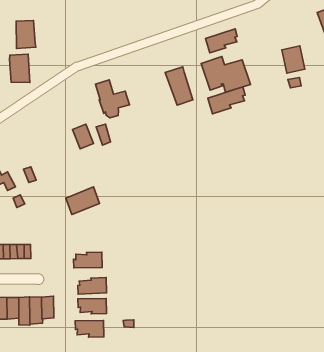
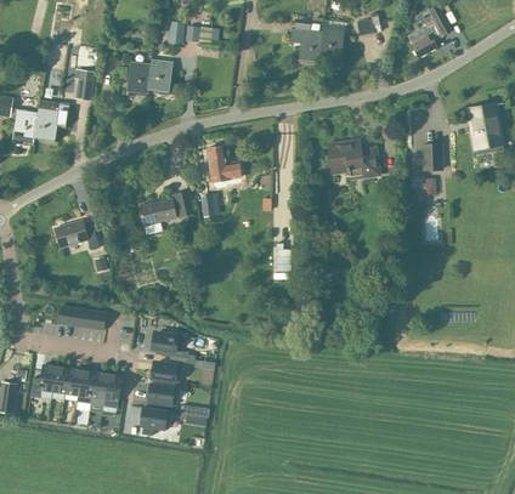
building: [205,29,237,53] -> none
building: [10,54,30,82] -> [147,59,171,93]
building: [165,67,193,105] -> none
building: [208,87,245,114] -> none
building: [66,187,100,215] -> [138,198,175,225]

